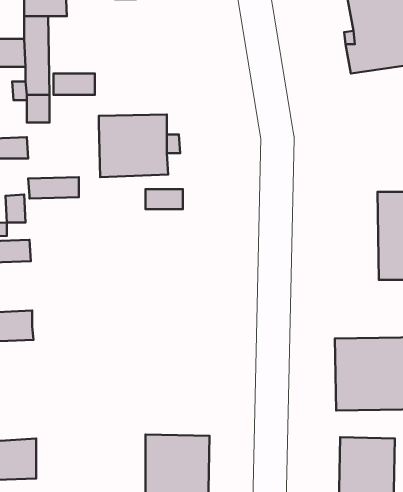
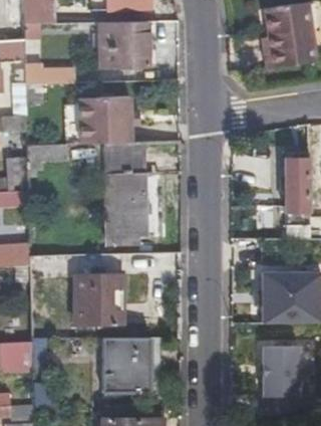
building: none -> [100,21,149,66]
building: none -> [112,173,142,238]
building: none -> [74,272,120,325]

